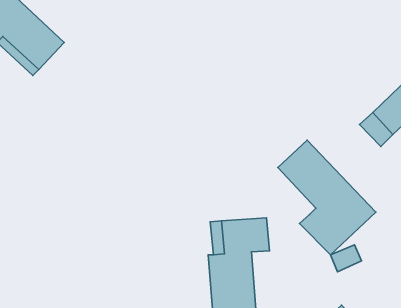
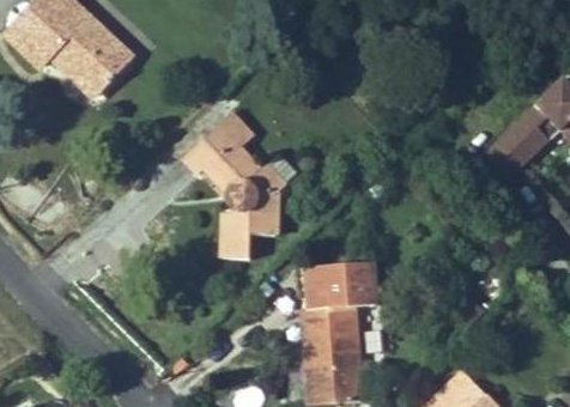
building: none -> [183,113,296,259]
building: [278,140,376,255] -> none

